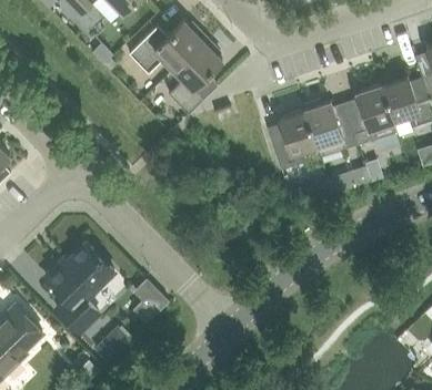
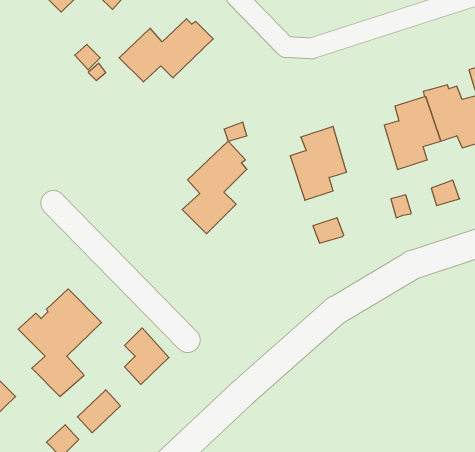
building: [169,38,222,114] -> [182,141,247,234]
building: [305,102,359,157] -> none

